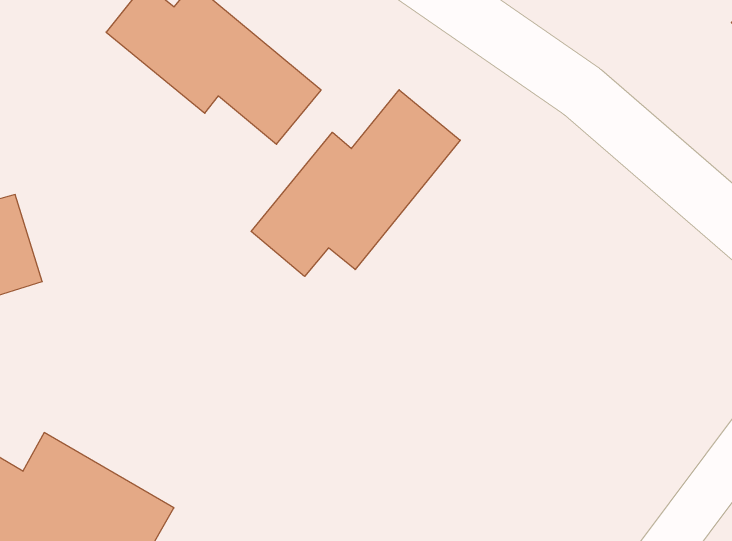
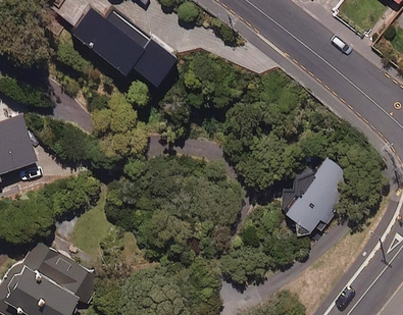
building: [251,90,460,276] -> none
building: none -> [279,153,356,228]

